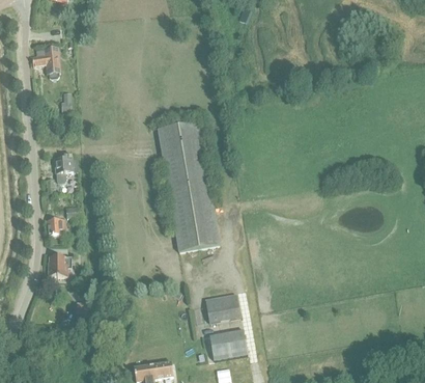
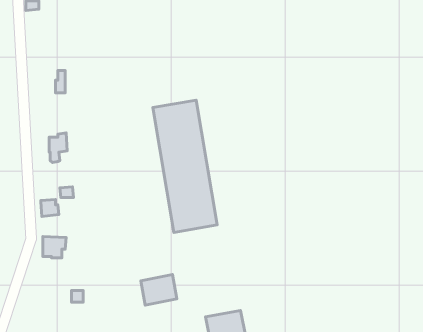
building: [32,48,60,79] -> none
building: [205,293,240,323] -> [141,275,177,305]

